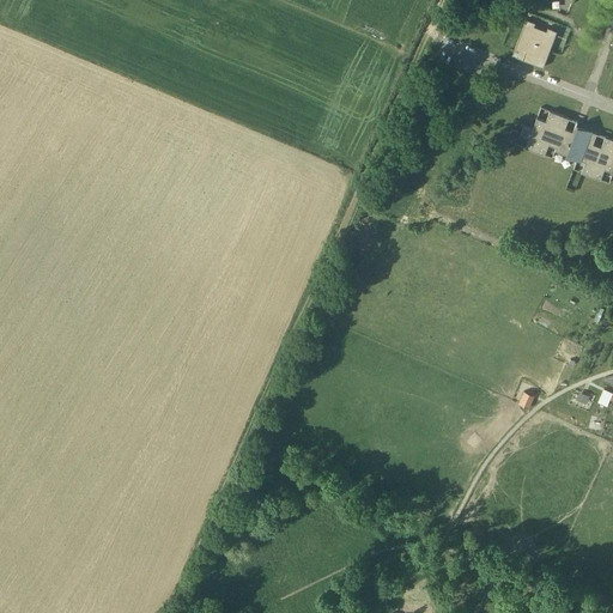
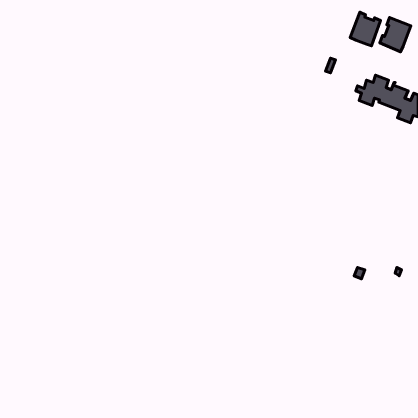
building: none -> [380,18,411,52]

